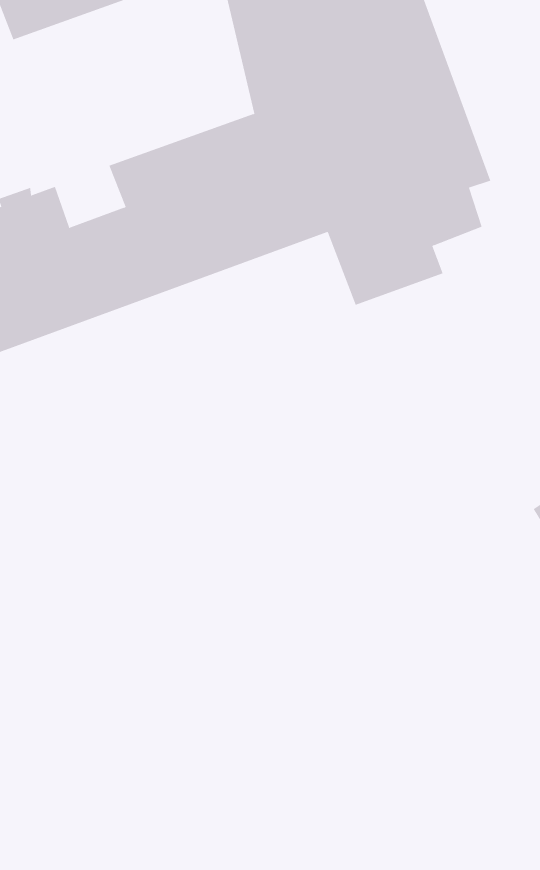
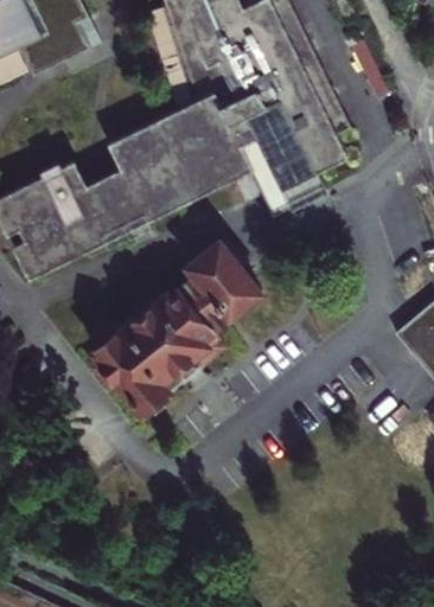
building: none -> [91,238,261,410]

